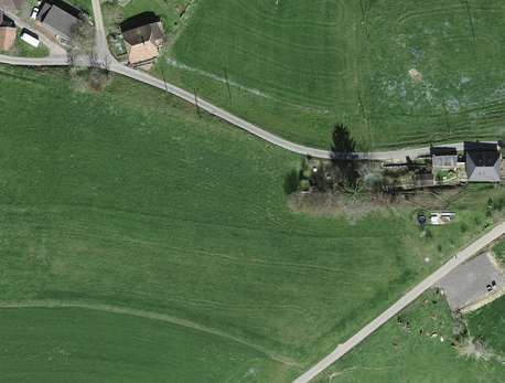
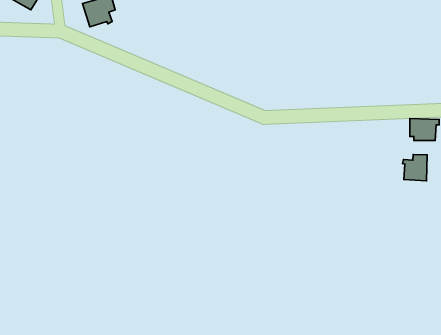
building: none -> [403,154,427,181]

